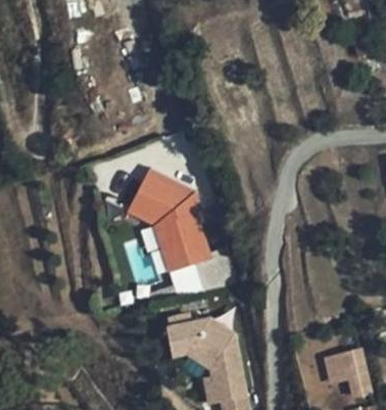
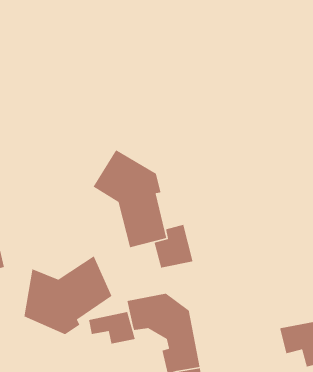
building: none -> [24,255,113,335]
building: none -> [88,311,136,345]

